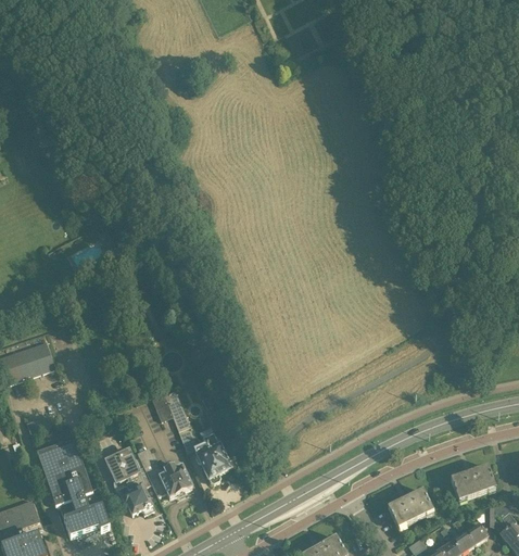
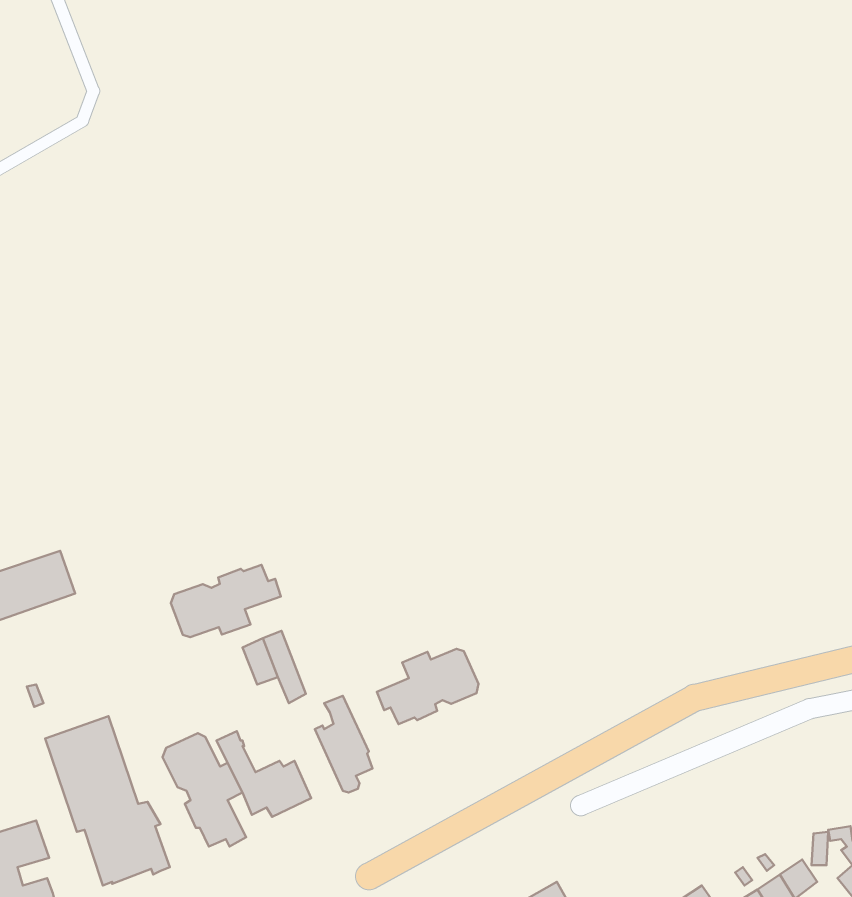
building: none -> [171,565,281,637]
building: none -> [377,649,479,724]
building: [451,466,495,501] -> none
building: [388,490,432,528] -> none

